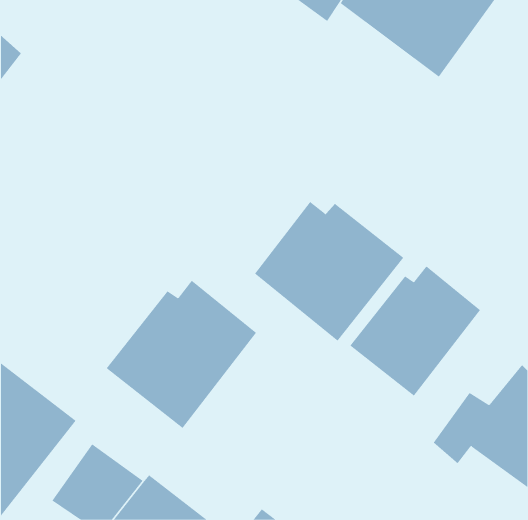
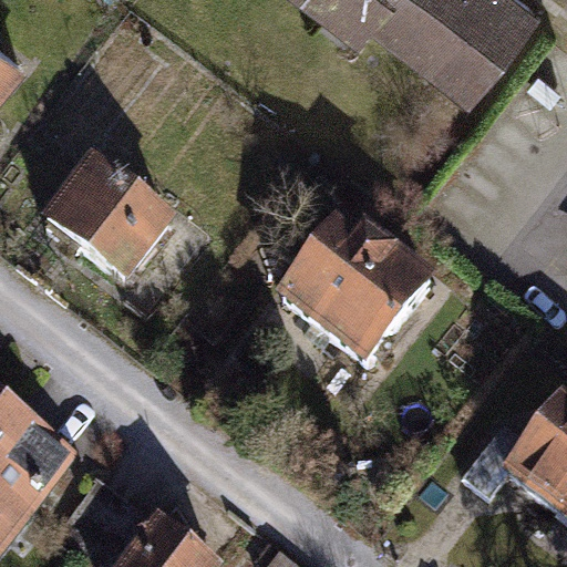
building: none -> [37,151,175,281]
building: [349,266,481,397] -> none
building: [106,280,257,429] -> none

